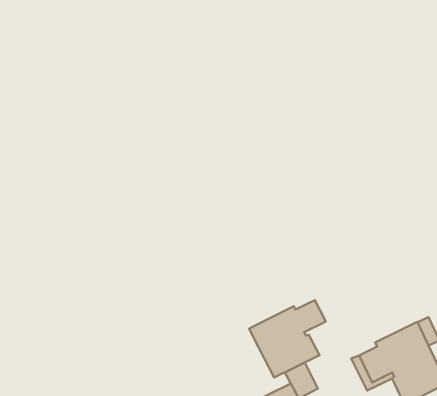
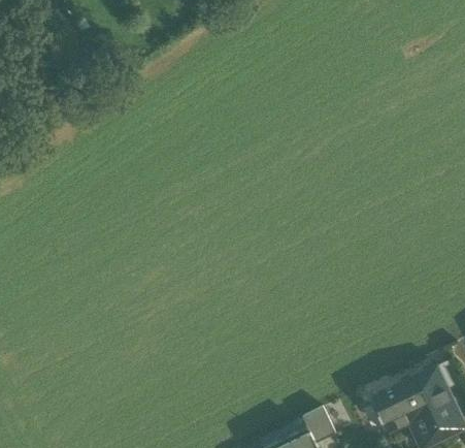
building: [249,300,326,377] -> none

